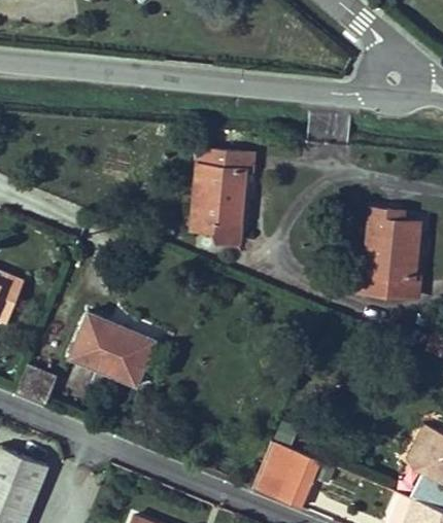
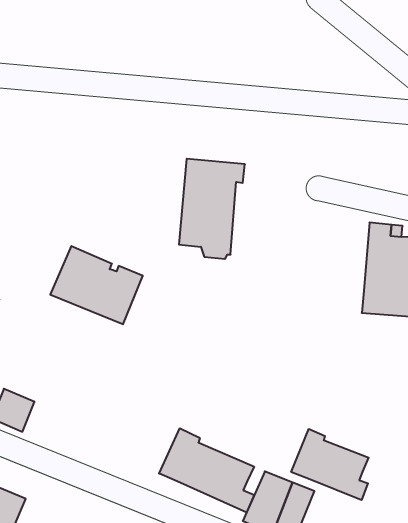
building: [69,312,156,385] -> [50,246,143,324]
building: none -> [159,428,254,512]
building: none -> [291,429,369,500]

